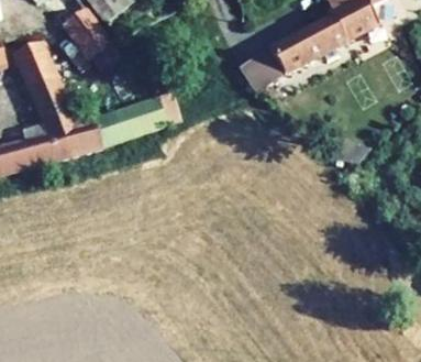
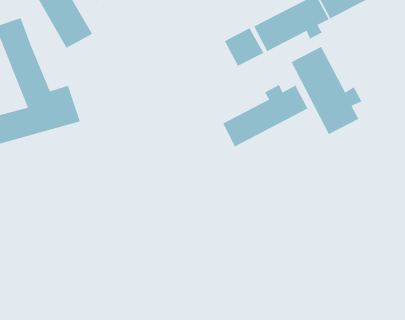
building: none -> [290,46,362,135]
building: none -> [222,84,308,147]

